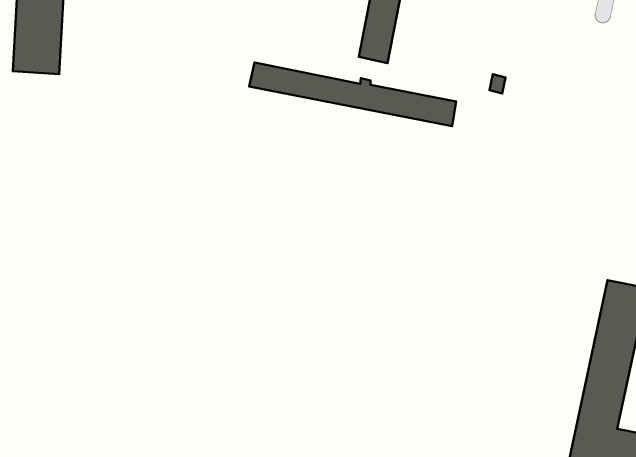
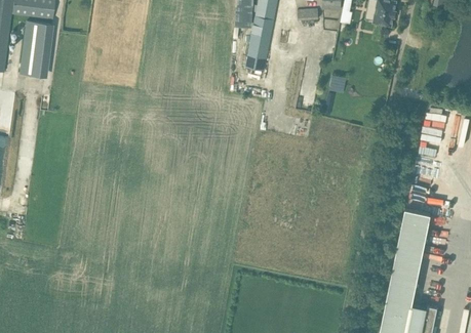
building: [249,63,456,126] -> none

